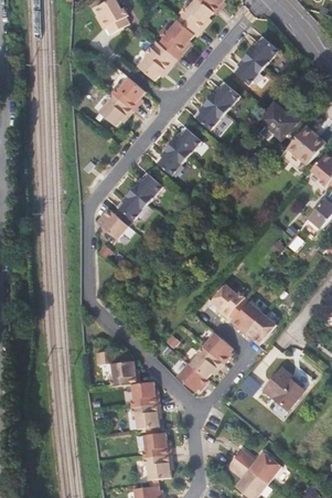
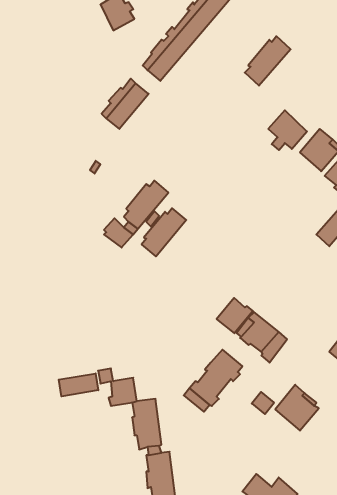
building: [197,83,239,128] -> none
building: [159,128,201,173] -> [142,208,186,256]
building: none -> [59,373,98,396]

